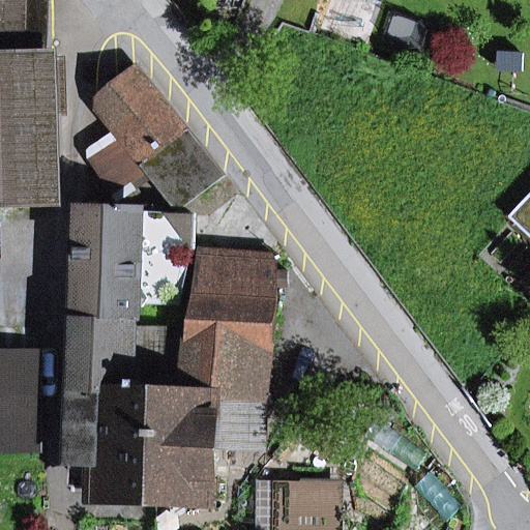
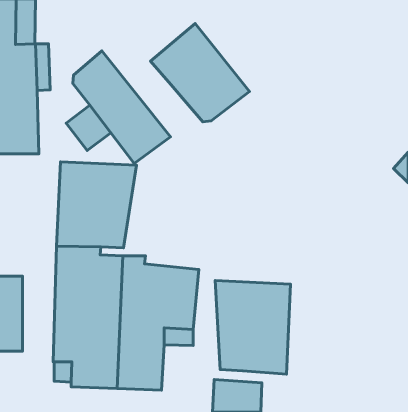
building: none -> [151,24,249,122]
building: [185,251,271,346] -> none
building: none -> [215,280,290,374]

